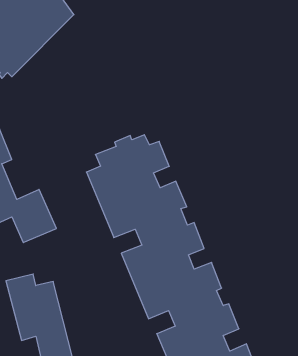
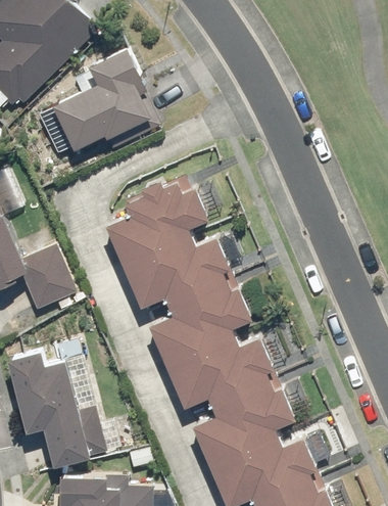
building: none -> [53,50,151,151]

